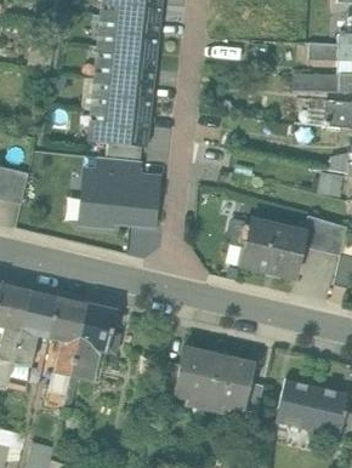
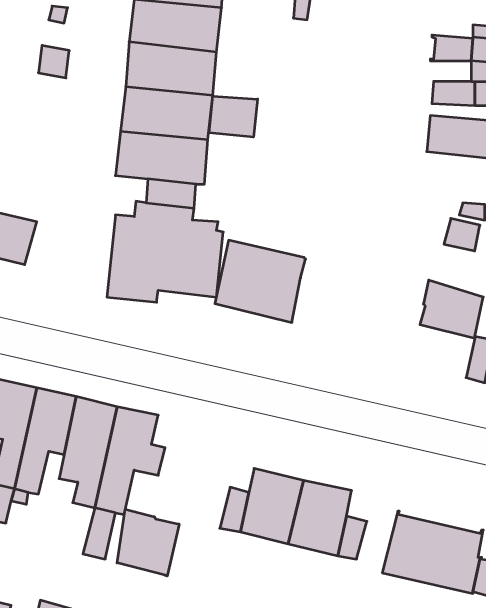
building: none -> [209,96,258,137]
building: [240,219,305,278] -> [215,240,306,322]
building: none -> [117,509,179,576]

